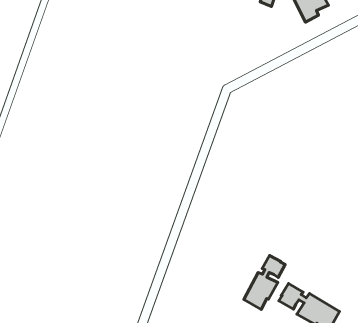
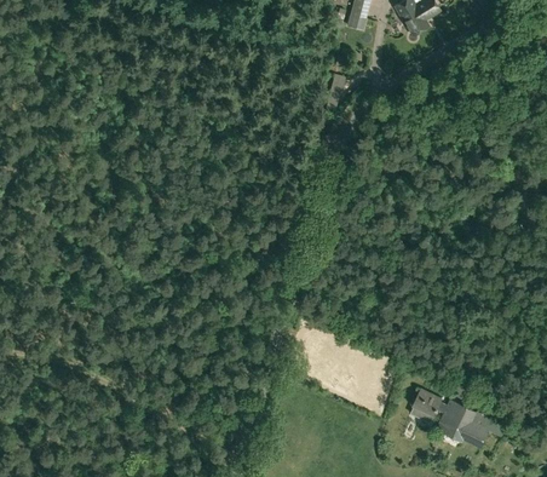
building: [244,256,285,309] -> none

